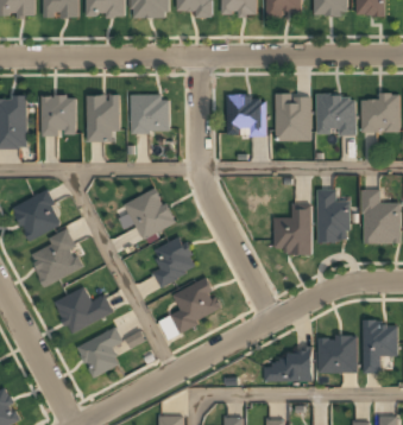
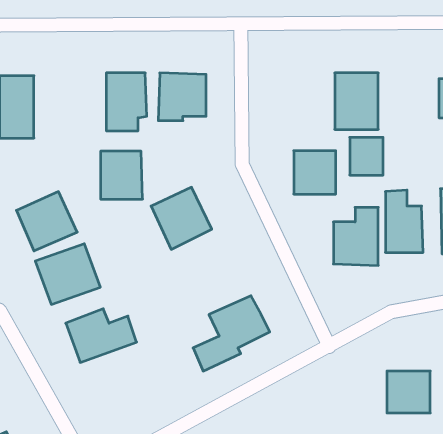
building: [43,95,77,134] -> [101,151,143,199]
building: [228,96,263,132] -> [294,151,336,194]
building: [319,97,346,128] -> [350,137,383,175]
building: [152,235,197,286] -> none
building: [77,328,122,378] -> none
building: [264,357,313,382] -> none

